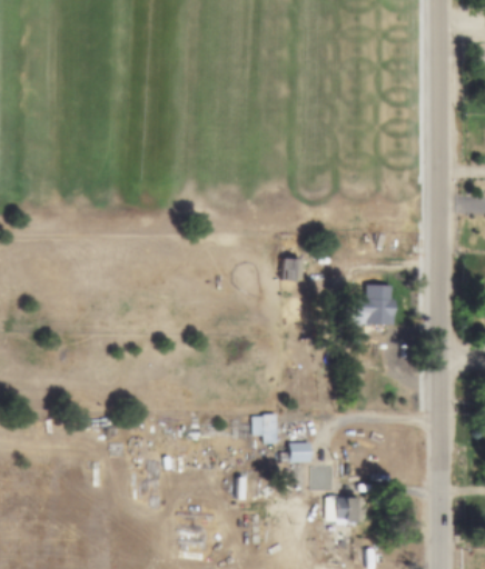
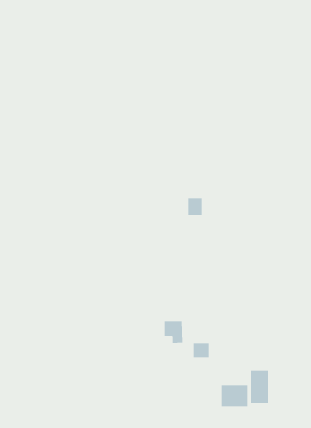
building: [346,286,395,325] -> none
building: none -> [250,370,268,404]

